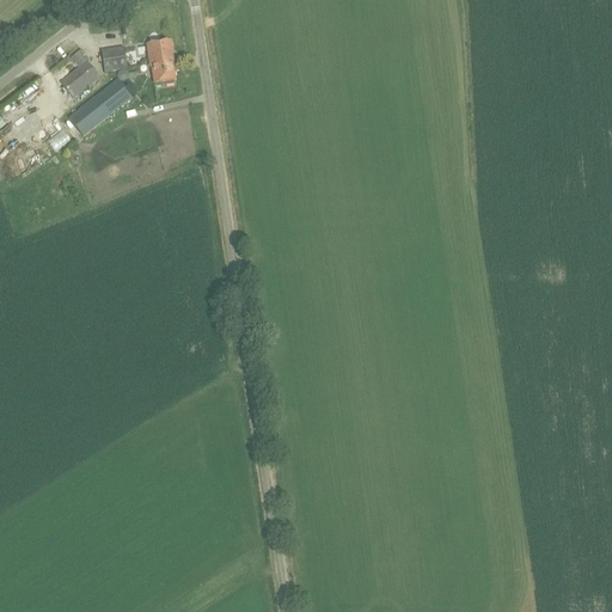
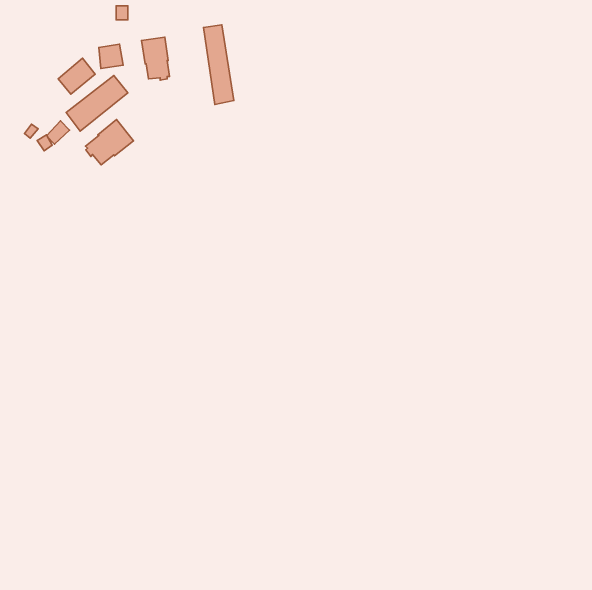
building: none -> [203,25,234,104]
building: none -> [86,120,134,165]

